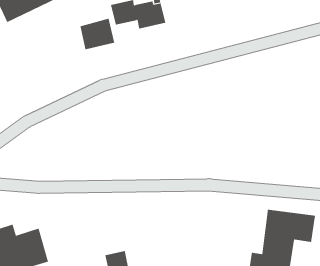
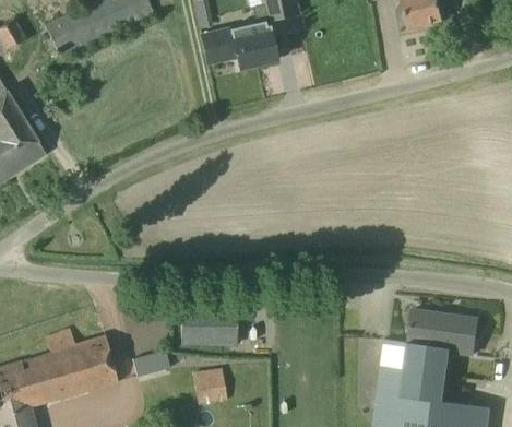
building: [80,18,115,50] -> none
building: none -> [180,307,236,344]
building: none -> [131,349,167,377]

